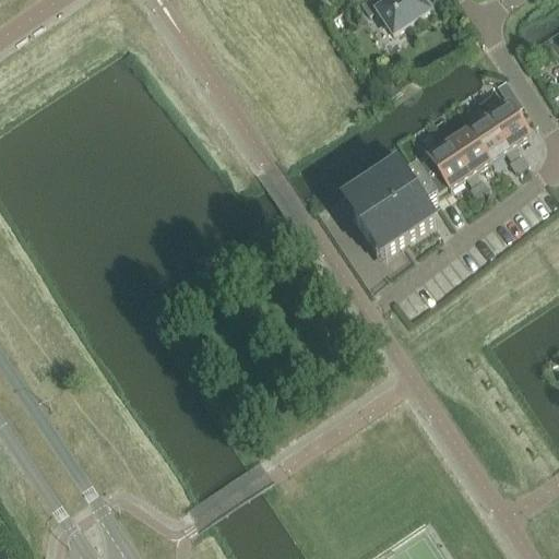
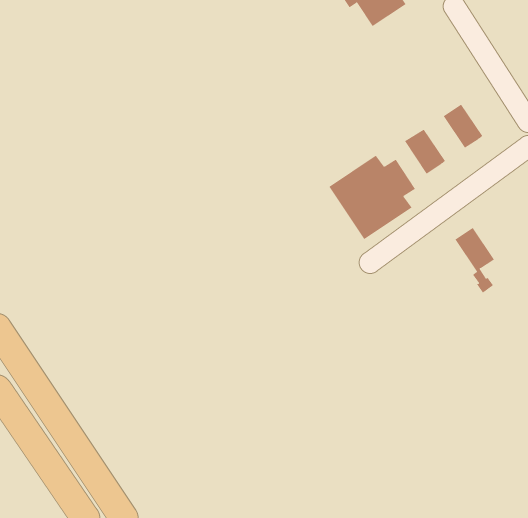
building: [485,95,528,166] -> none
building: [445,122,488,192] -> [454,227,495,294]

